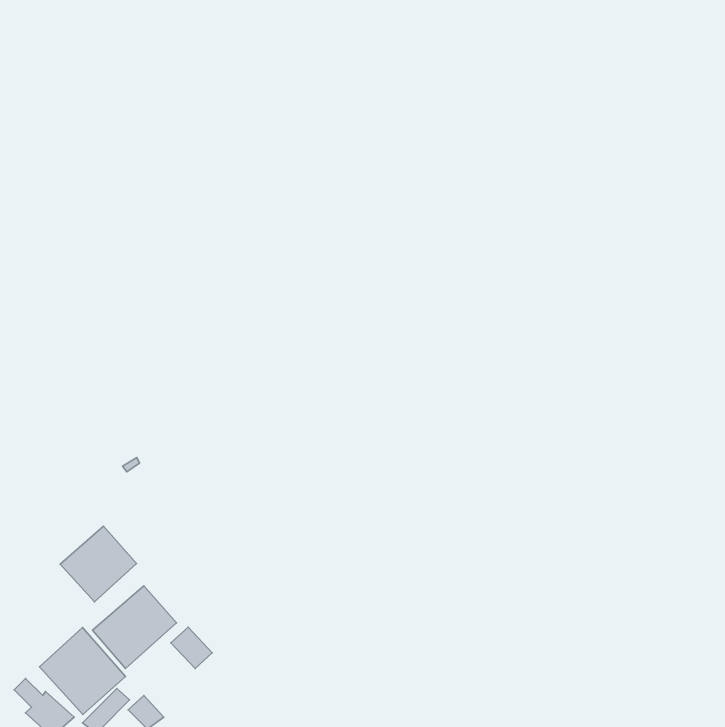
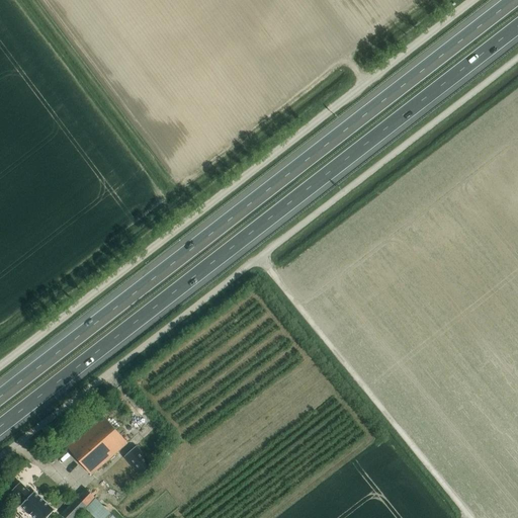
building: [60,526,136,602] -> none
building: [39,628,125,714] -> none

